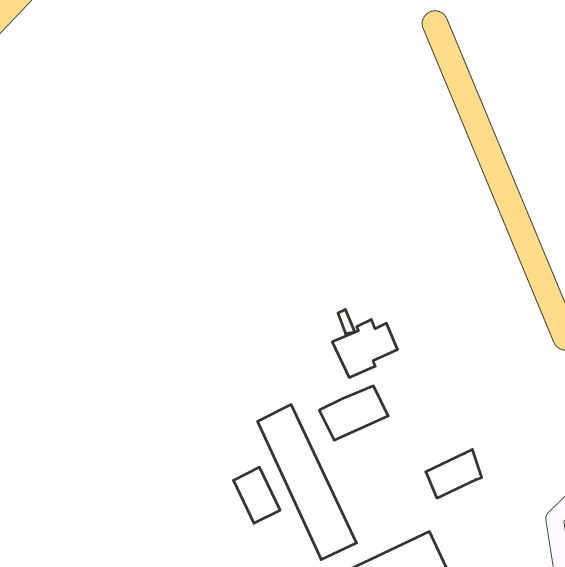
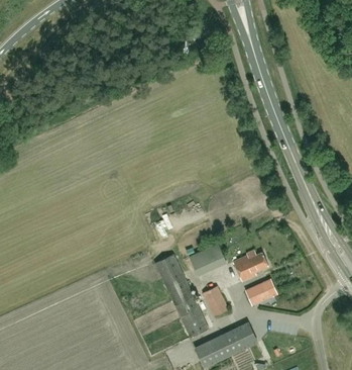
building: [332,319,398,377] -> [233,250,268,281]
building: [233,467,280,523] -> [203,286,228,316]

